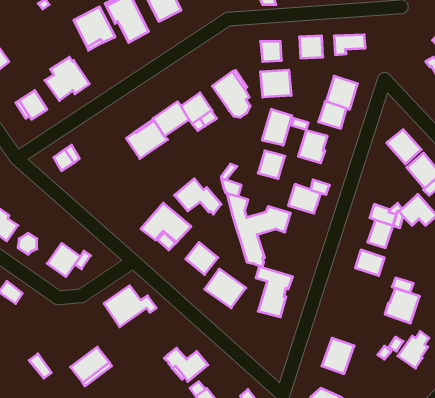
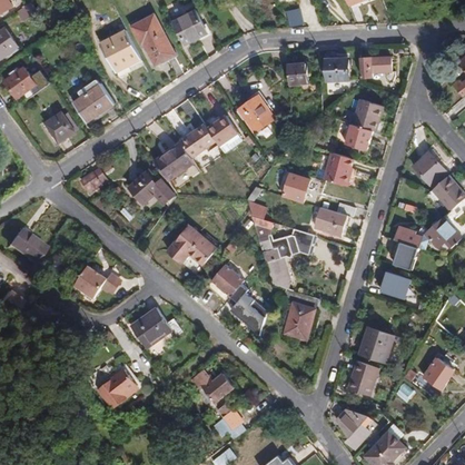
building: [260,70,291,97] -> none
building: [262,109,292,145] -> none
building: [174,179,221,214] -> [128,170,175,206]
building: [385,289,420,323] -> [359,327,394,362]

